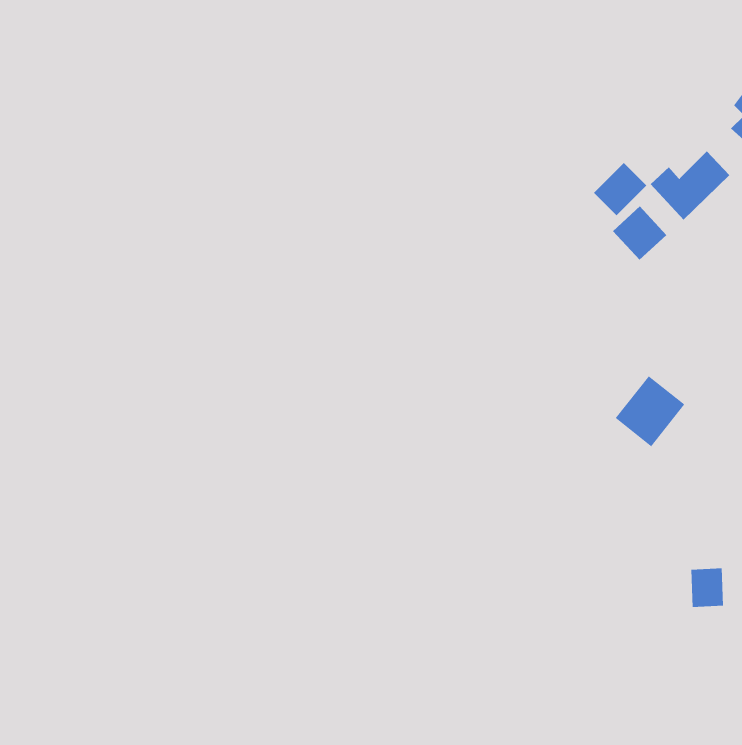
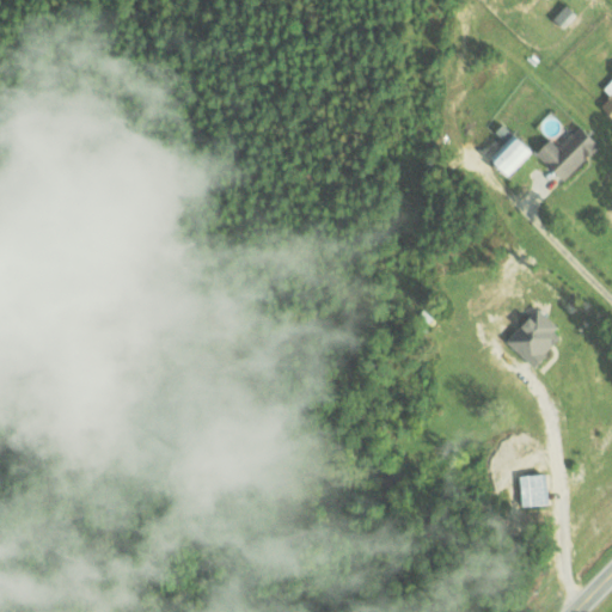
building: [612,206,667,261] -> none
building: [690,568,724,607] -> [520,473,547,506]

